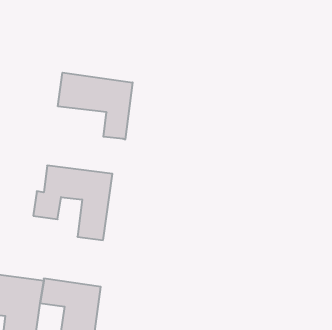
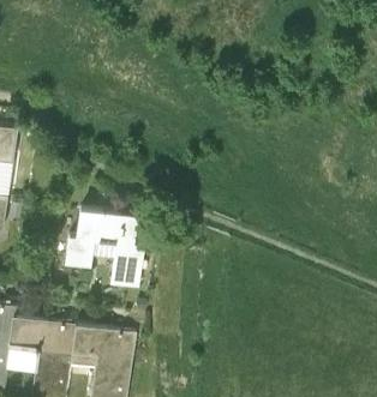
building: [58,73,133,140] -> none

